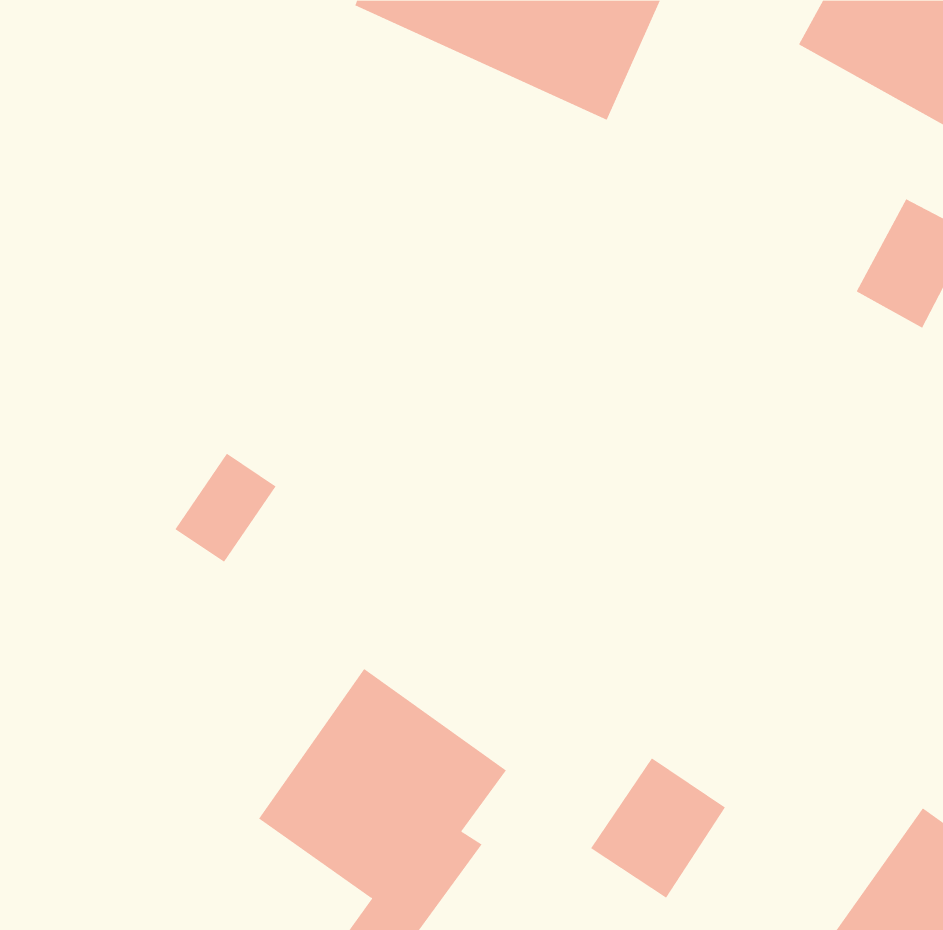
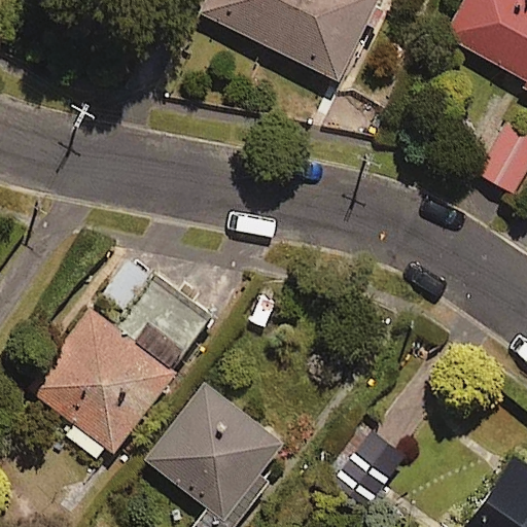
building: none -> [29,286,207,465]

